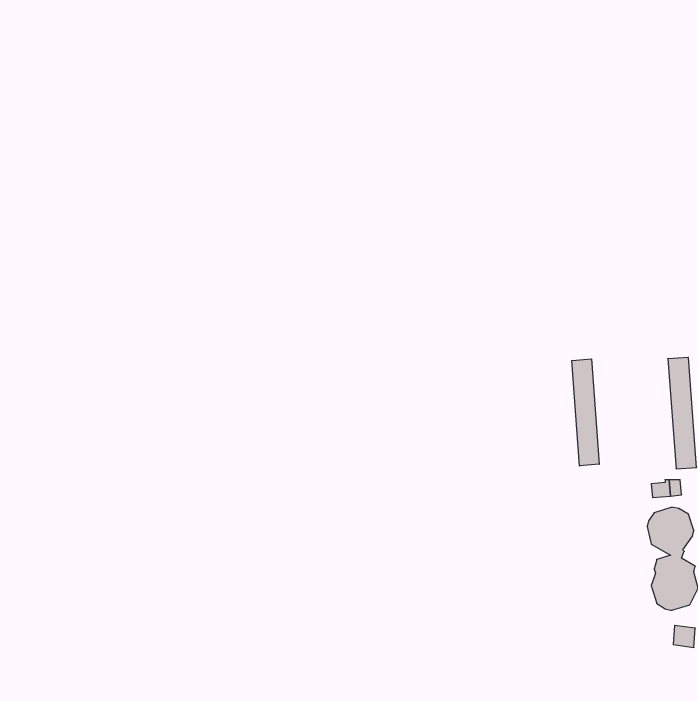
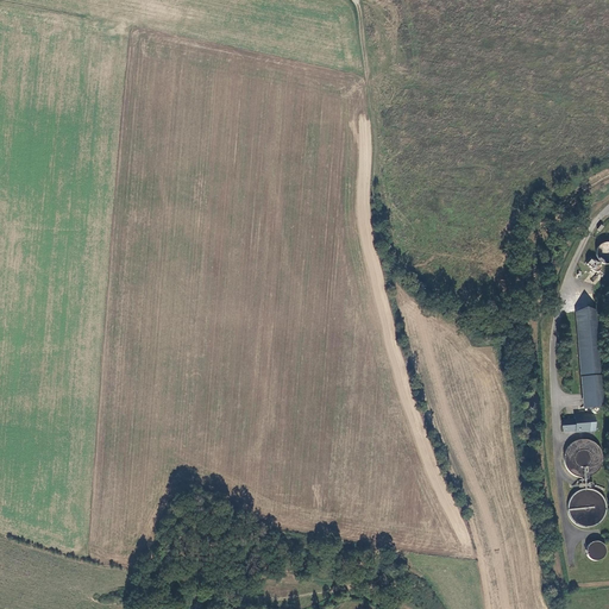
building: [572,359,599,466] -> none

